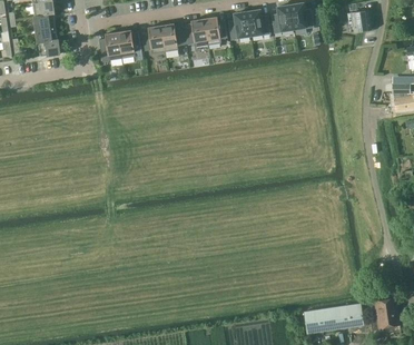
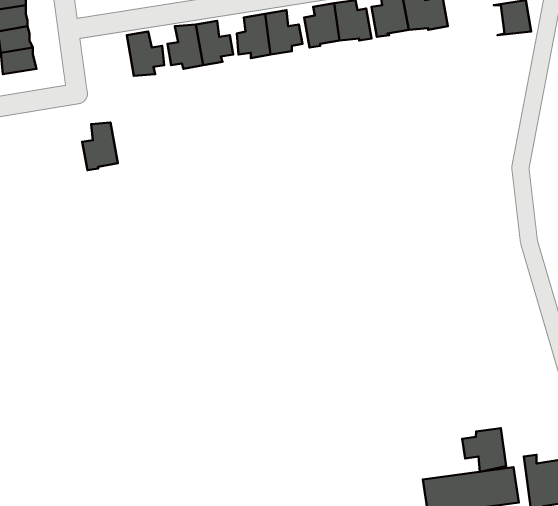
building: [99,32,121,62] -> [82,122,118,170]
building: none -> [462,428,506,472]

